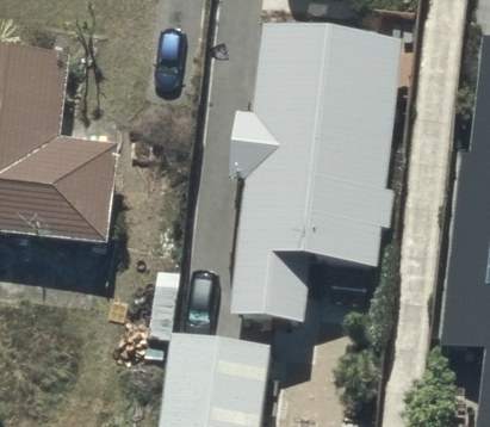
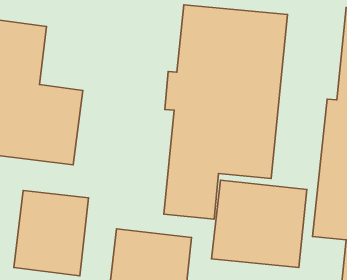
building: none -> [212,180,307,267]
building: none -> [14,190,89,276]

